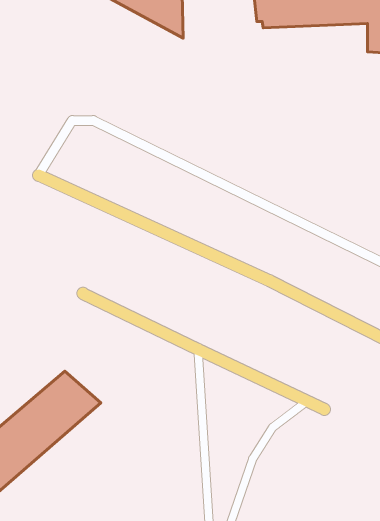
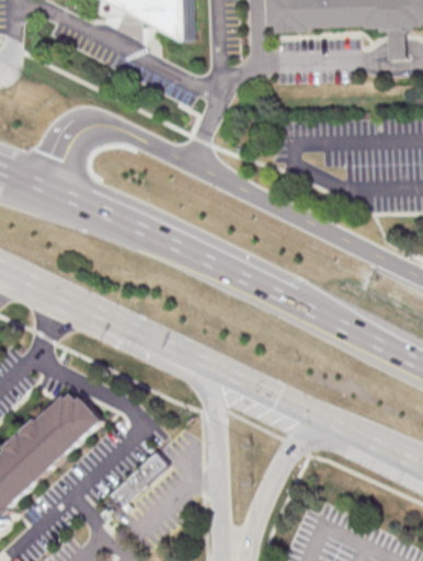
building: none -> [104,448,164,506]

